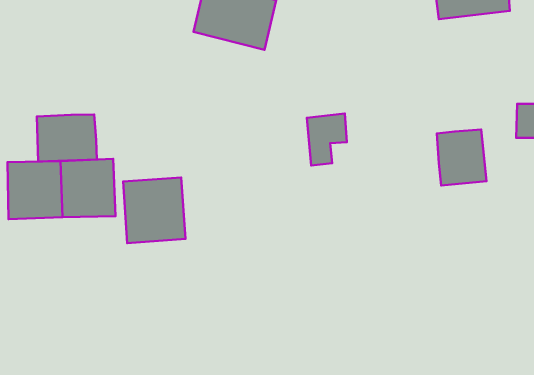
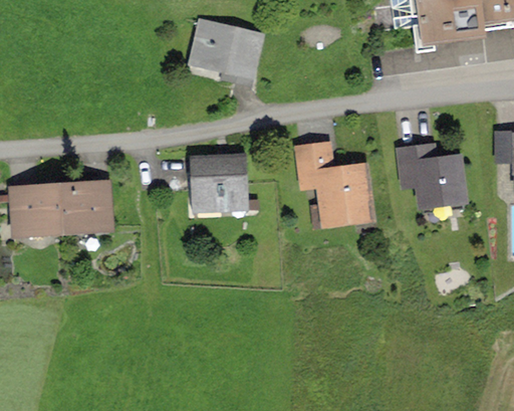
building: [37,114,97,162] -> none
building: none -> [397,142,436,188]
building: none -> [317,162,370,227]
building: [123,177,185,243] -> [190,152,249,214]

